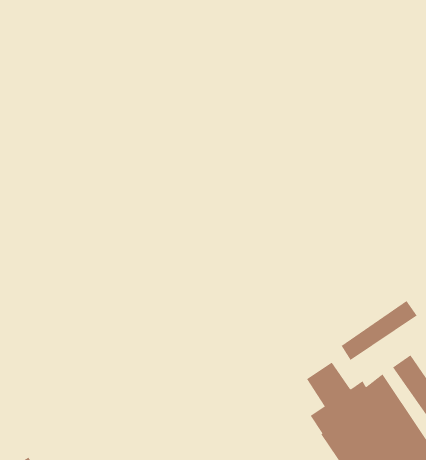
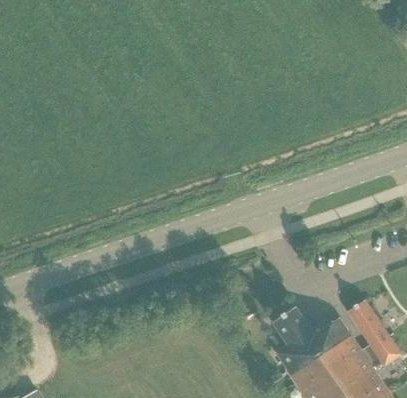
building: [341,300,417,361] -> none

